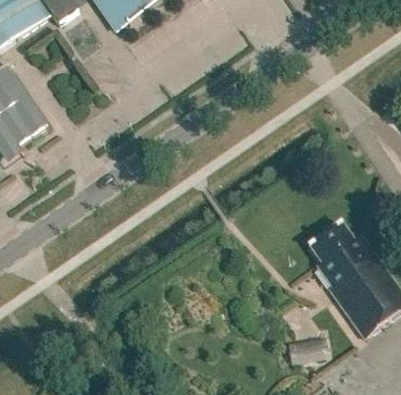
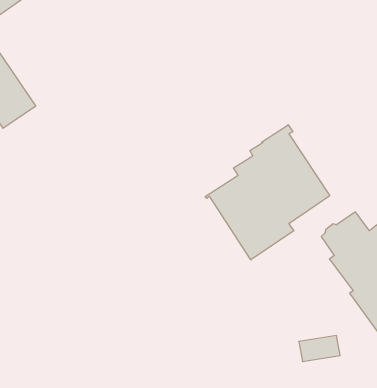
building: none -> [205,125,330,260]

